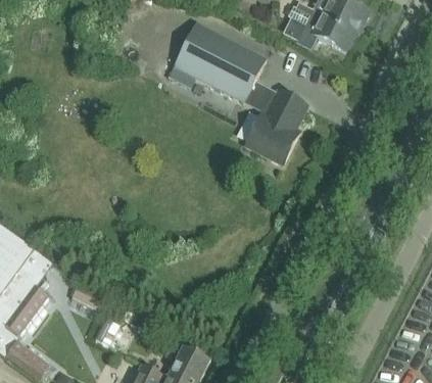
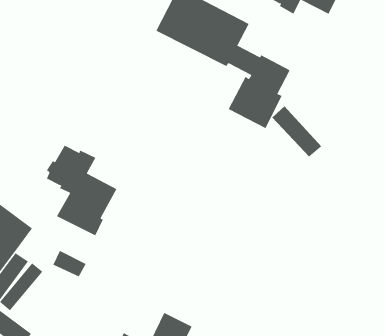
building: none -> [271,105,322,158]
building: none -> [46,145,117,236]

